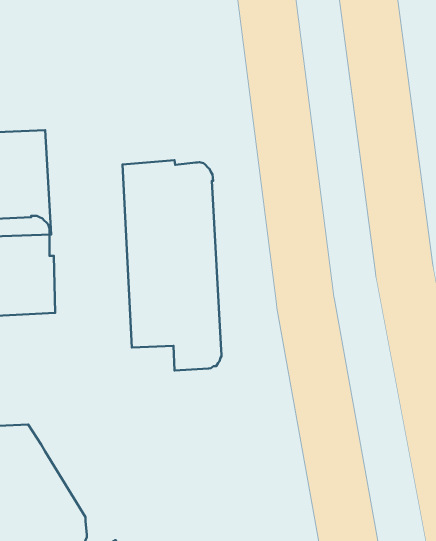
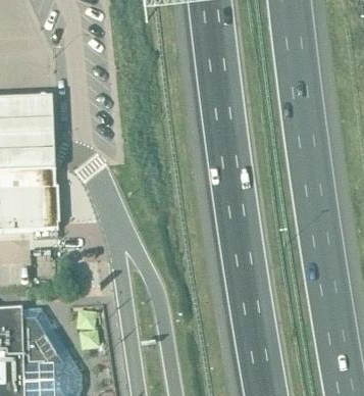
building: [123,160,222,371] -> none

